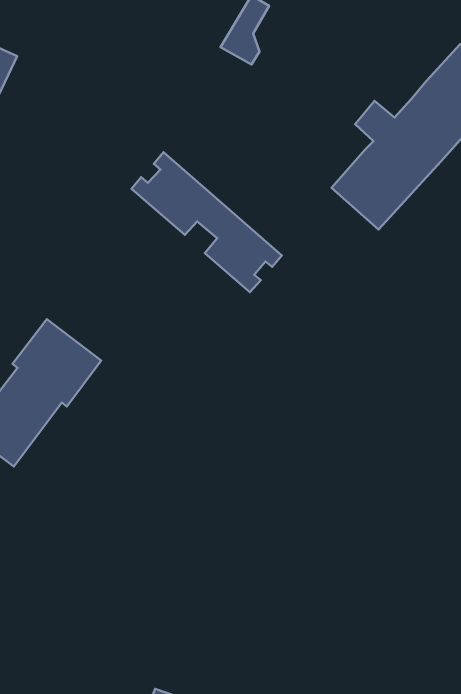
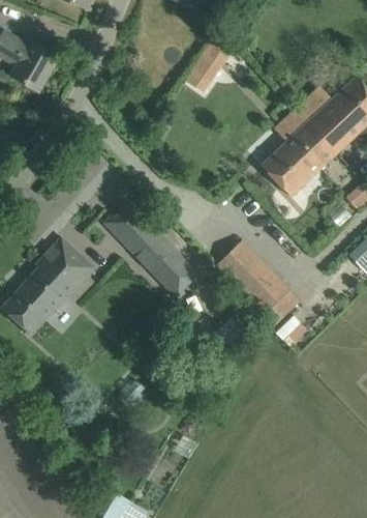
building: [131,152,282,292] -> [103,201,201,300]
building: none -> [214,240,293,318]

